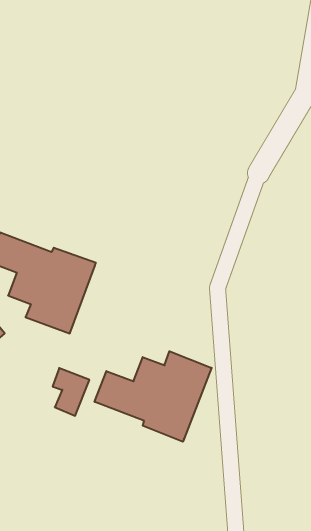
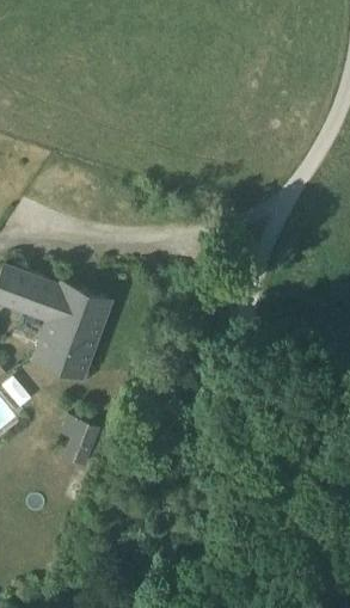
building: [95,351,212,442] -> none

